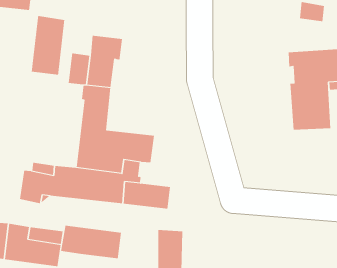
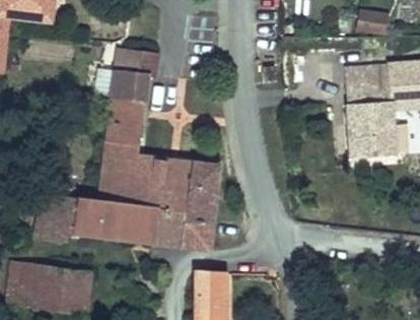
building: [31,15,65,75] -> none
building: none -> [174,163,217,221]
building: [61,225,122,259] -> none

